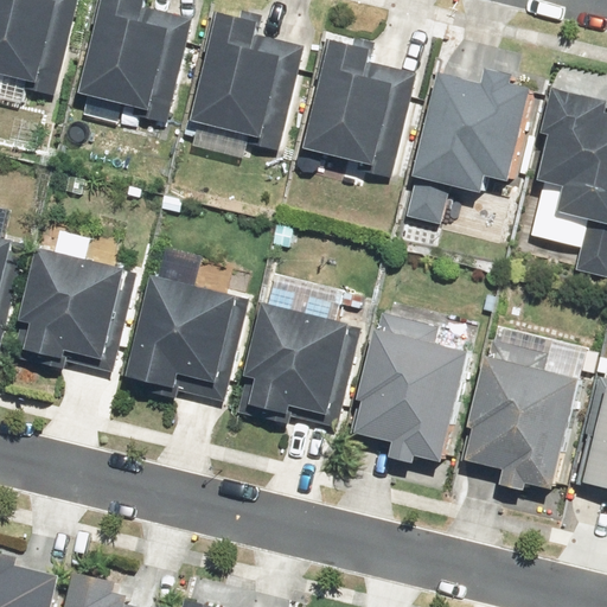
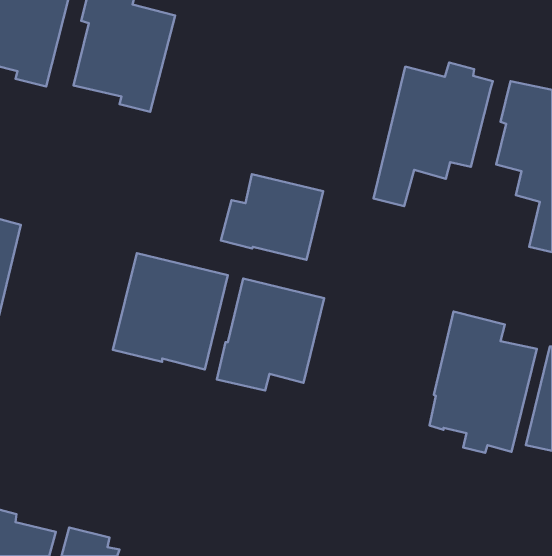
building: [191,8,301,149] -> none
building: [304,36,414,177] -> none
building: none -> [221,174,323,260]
building: [11,247,135,371] -> none
building: [349,311,469,462] -> none

